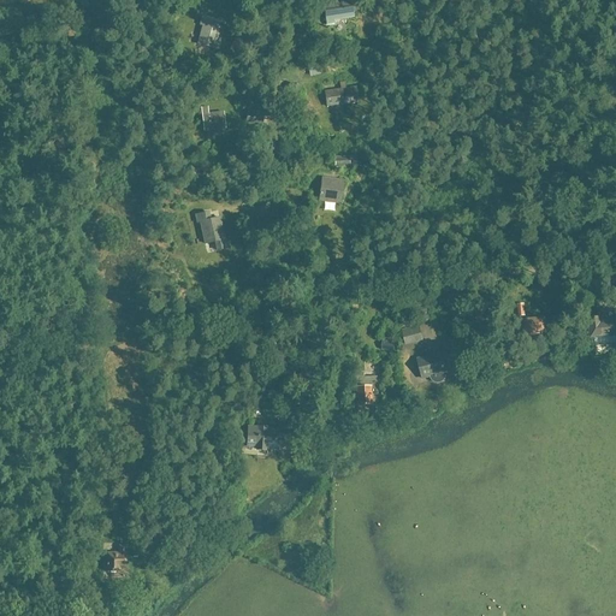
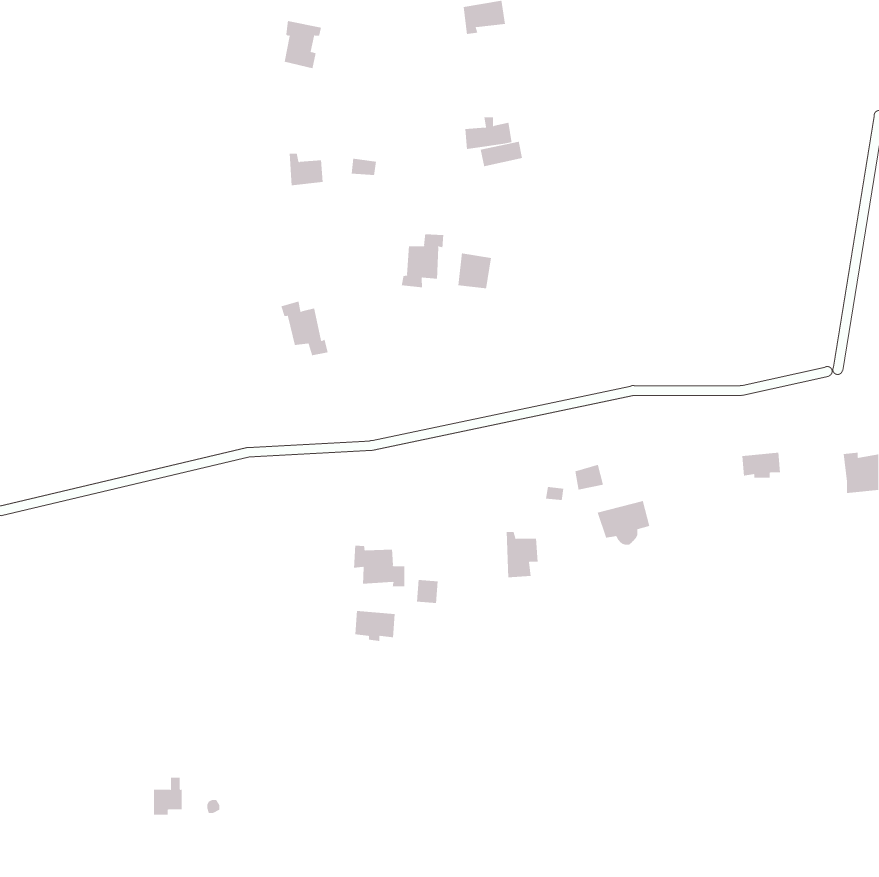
building: none -> [401,233,444,288]
building: none -> [354,545,405,587]

